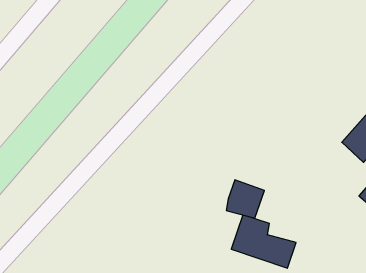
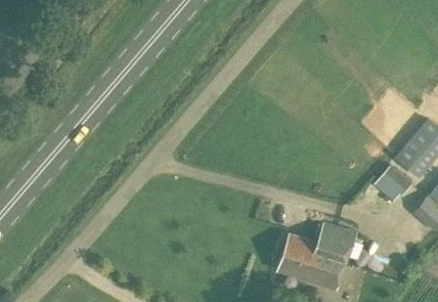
building: none -> [375,164,411,198]
building: [226,180,264,218] -> [314,221,355,262]

